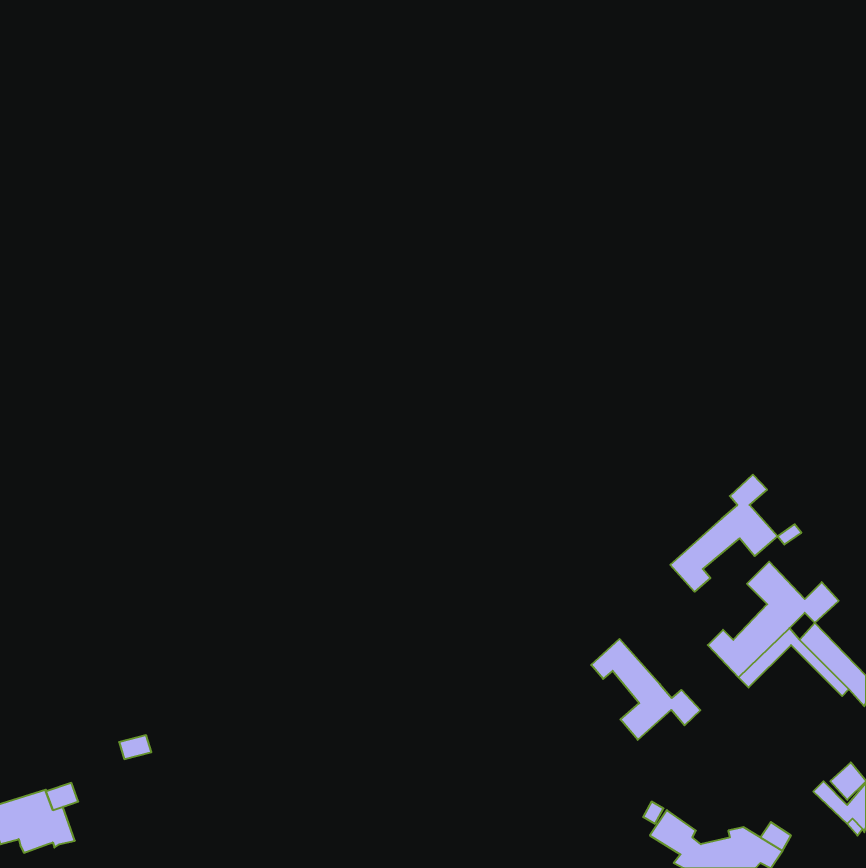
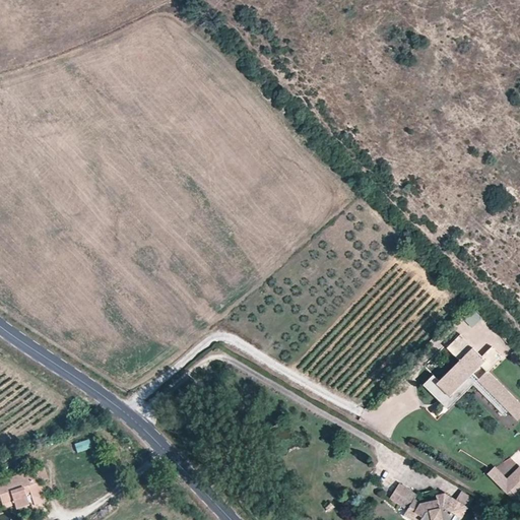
building: [670,475,778,592] -> none
building: [591,639,700,740] -> none

